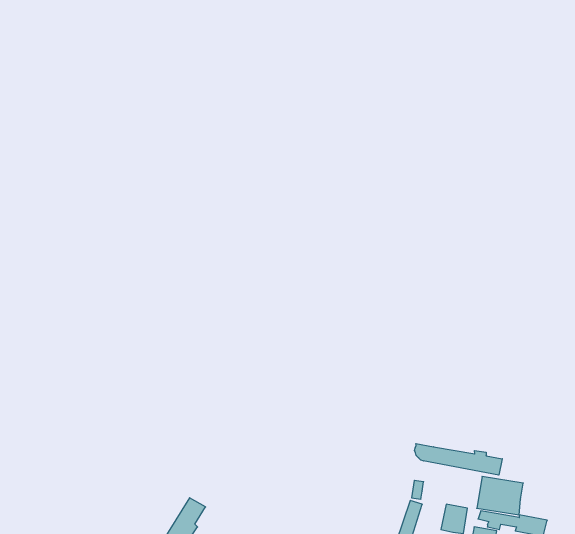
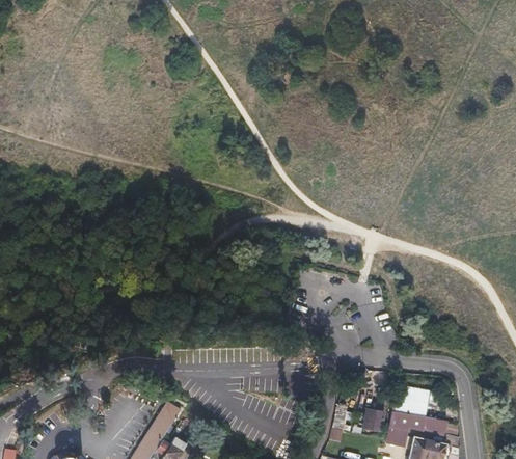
building: [415,444,502,475] -> none

